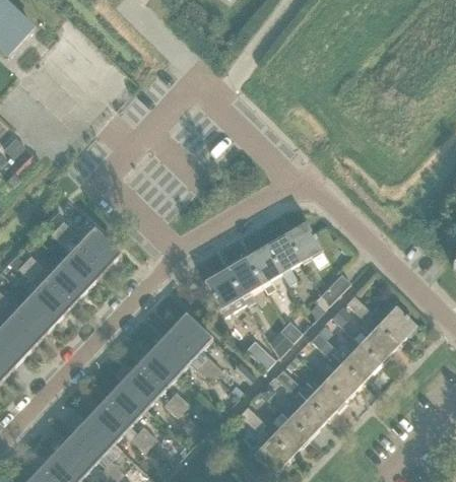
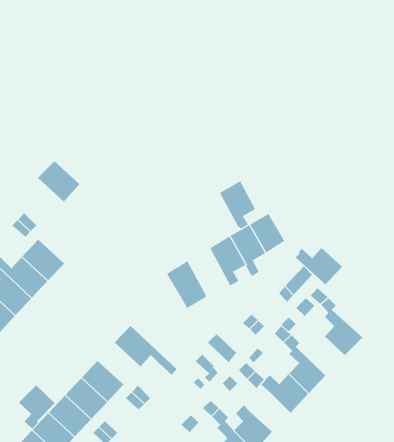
building: [77,228,120,270] -> [37,160,80,202]
building: [225,255,262,303] -> [219,180,256,230]
building: [369,305,416,343] -> [295,247,343,285]
building: [169,313,221,374] -> none
building: [333,342,381,381] -> none
building: [136,348,179,390] -> none
building: none -> [18,385,55,430]
building: [288,398,327,436] -> none

